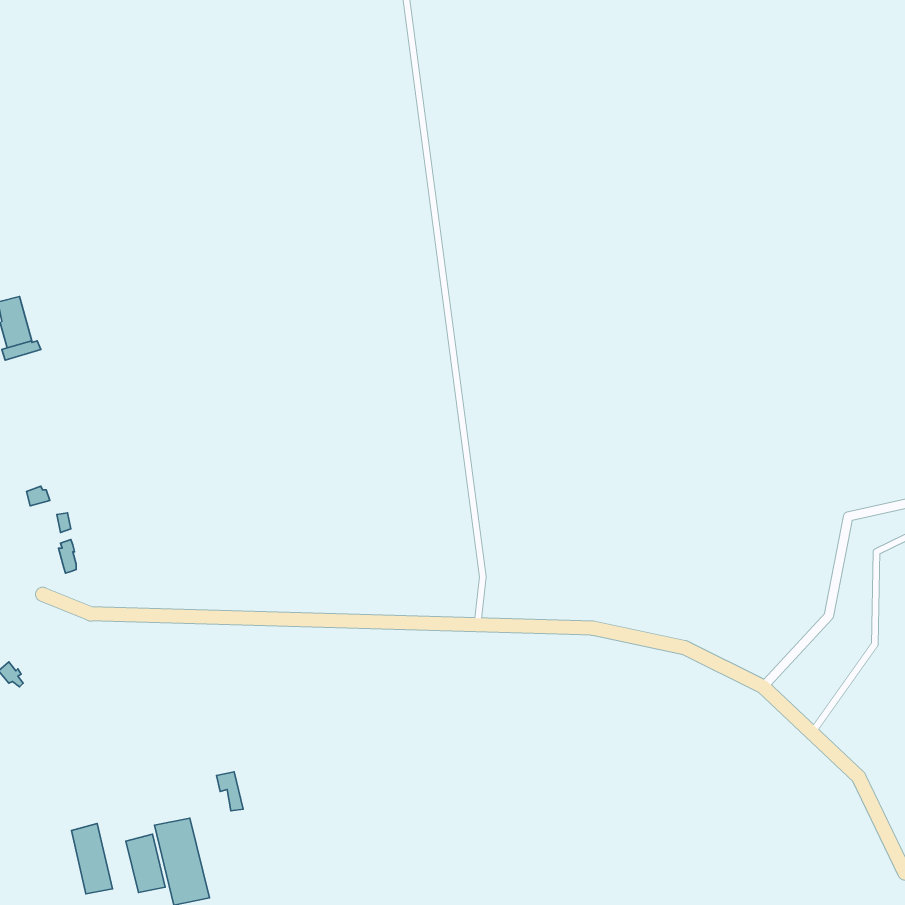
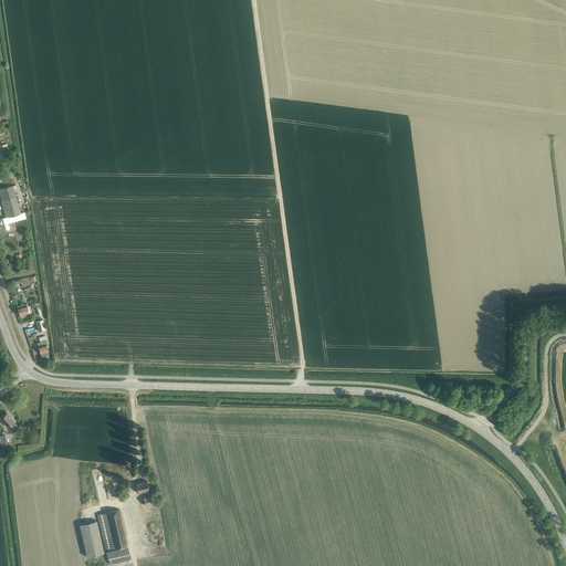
building: [71,823,112,894] -> none

